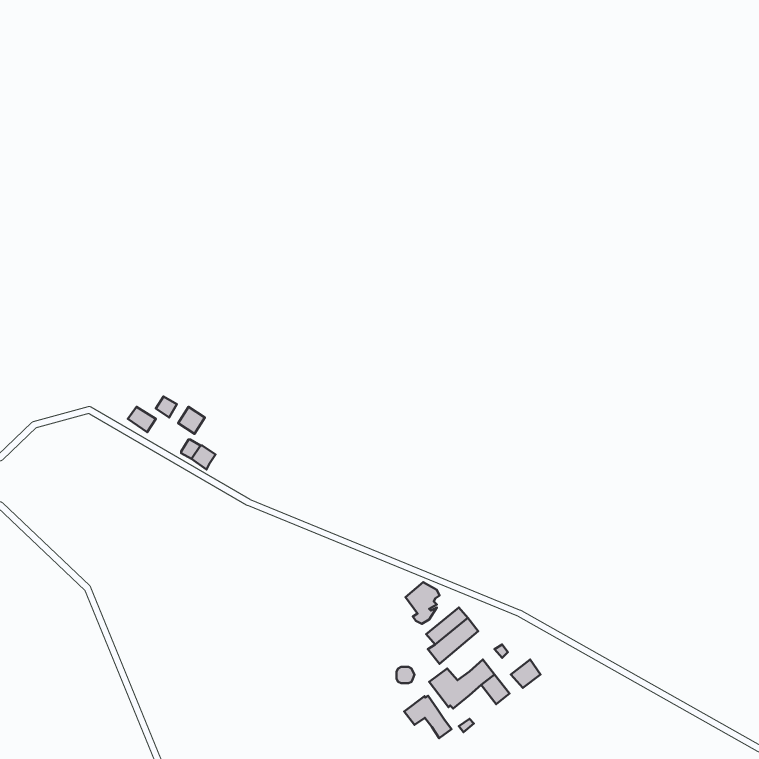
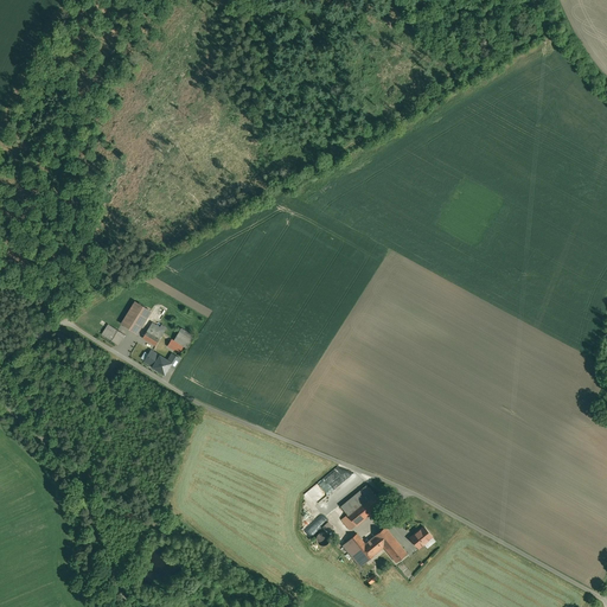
building: [404,696,452,738] -> none

